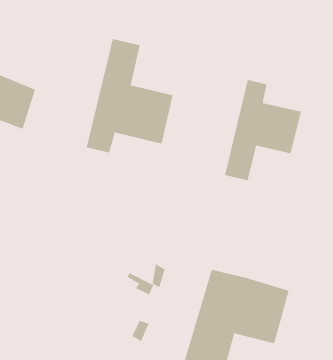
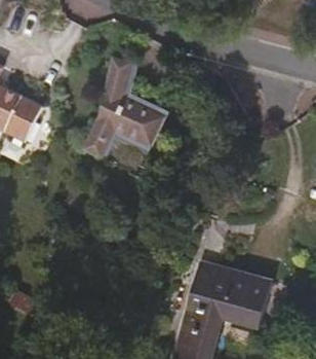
building: [224,79,302,181] -> none

